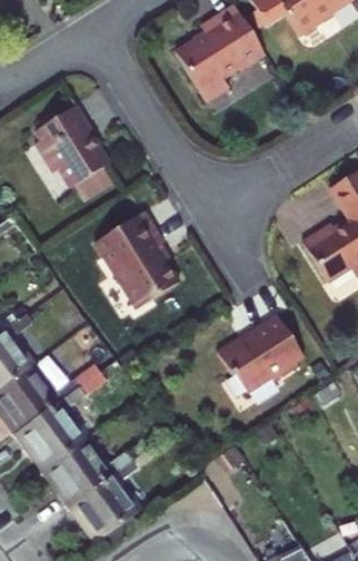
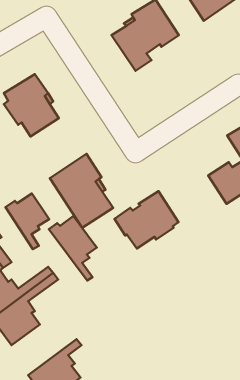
building: none -> [6,194,49,249]
building: none -> [49,216,97,280]
building: [219,316,305,393] -> [114,191,179,249]
building: [43,441,130,509] -> none

